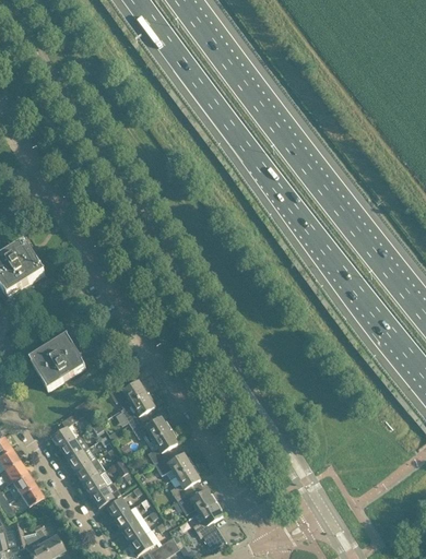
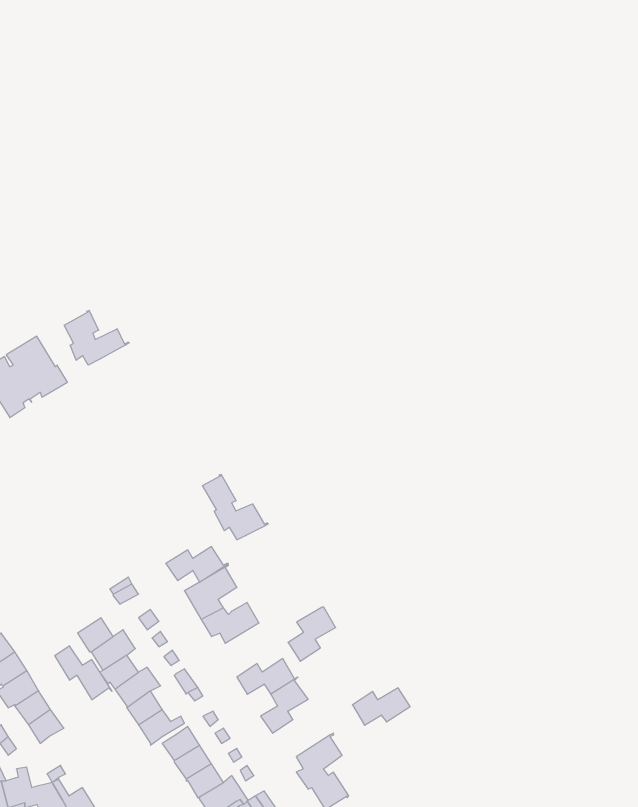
building: none -> [64,310,129,365]
building: none -> [203,474,268,540]
building: [31,336,86,390] -> none
building: [147,429,178,464] -> [288,607,336,661]
building: none -> [55,646,112,700]
building: [178,489,215,513] -> [352,688,410,725]

